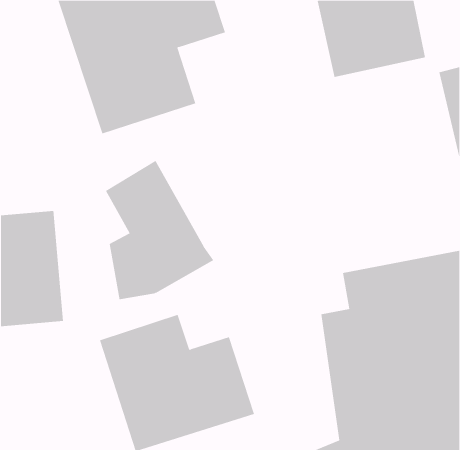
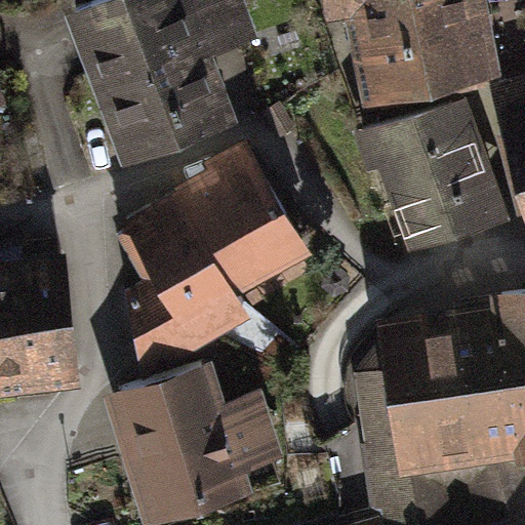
building: none -> [362,102,497,252]
building: none -> [177,155,302,292]

